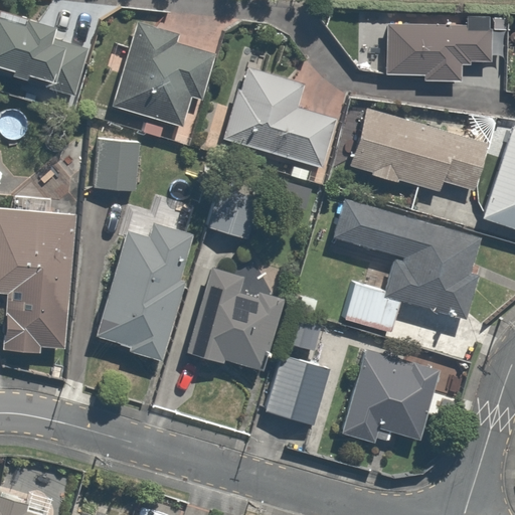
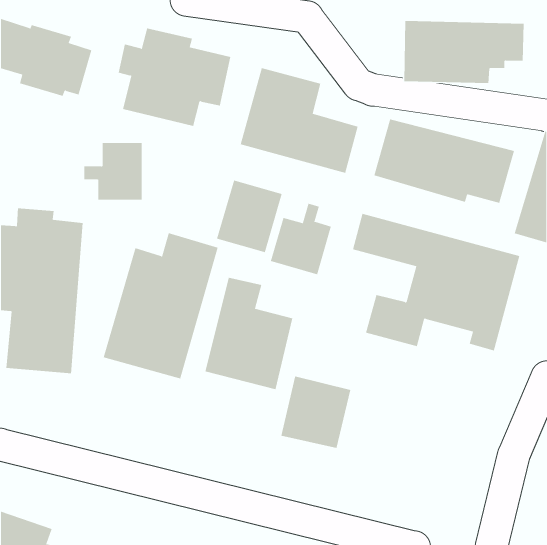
building: none -> [270,203,332,275]
building: [336,346,450,449] -> none

